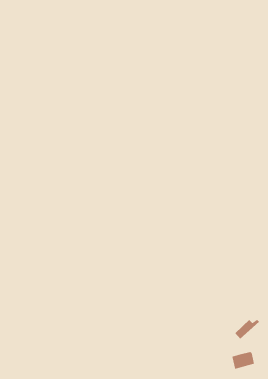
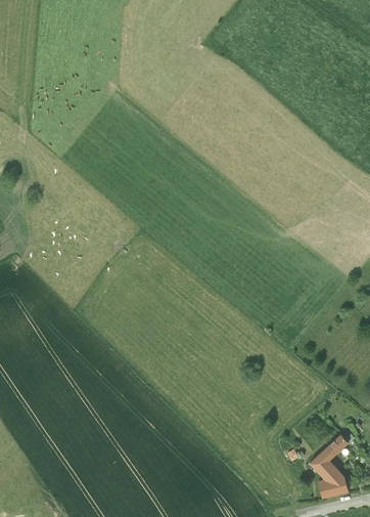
building: none -> [308,451,341,479]

